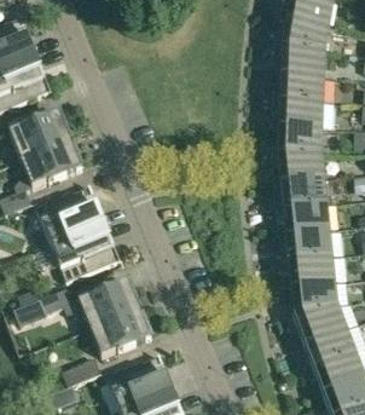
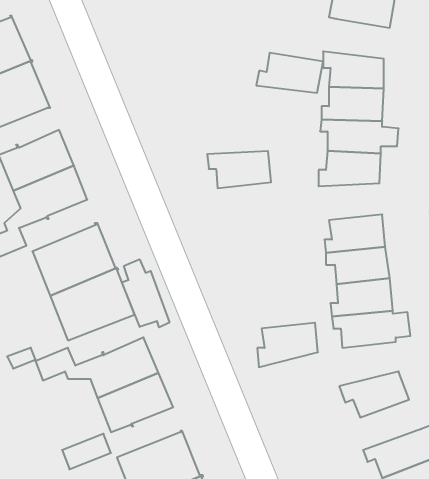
building: [274,19,329,52] -> [256,53,323,93]
building: [271,154,323,184] -> [207,151,271,188]
building: none -> [122,259,169,327]
building: [286,283,336,319] -> [257,323,318,367]
building: [299,330,354,371] -> none

